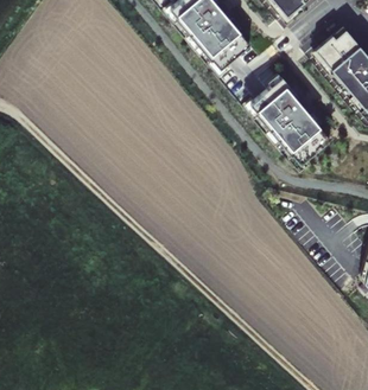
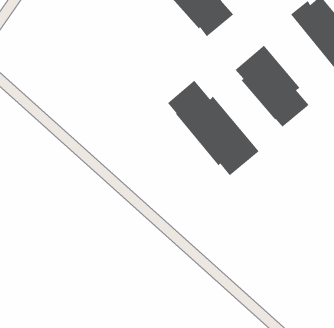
building: none -> [167,80,260,176]

